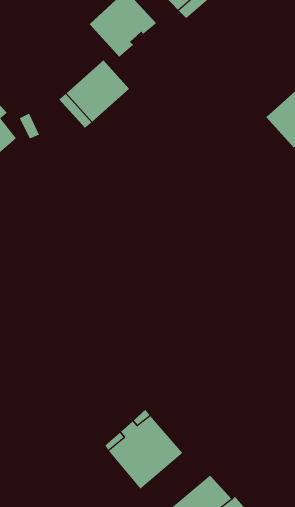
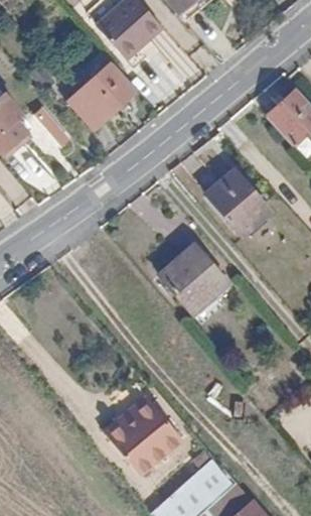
building: none -> [205,167,269,233]
building: none -> [158,242,225,309]

